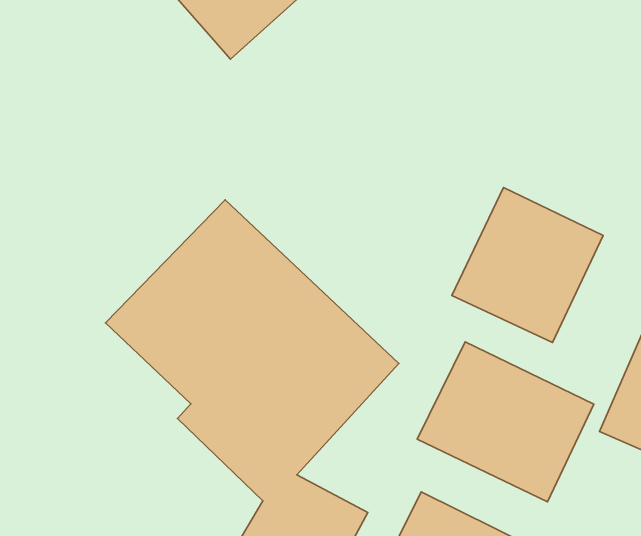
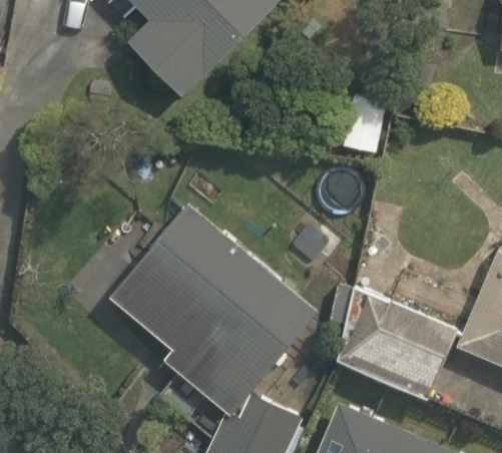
building: [452,187,603,343] -> none

